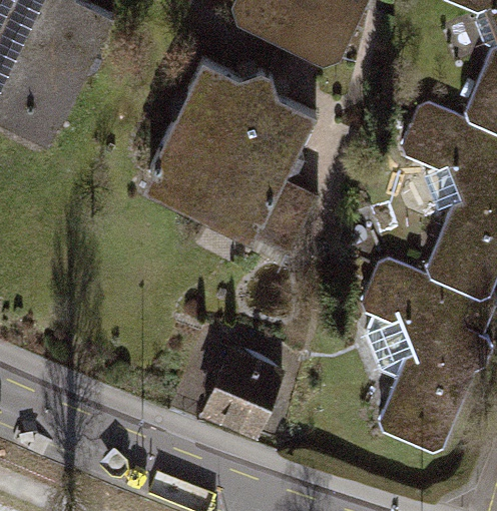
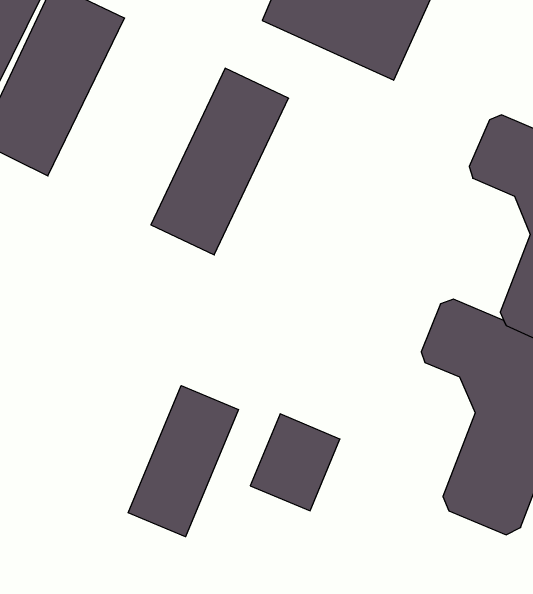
building: [194,87,316,247] -> none
building: none -> [128,386,239,537]

